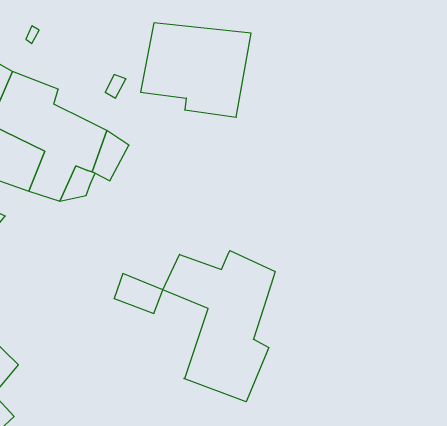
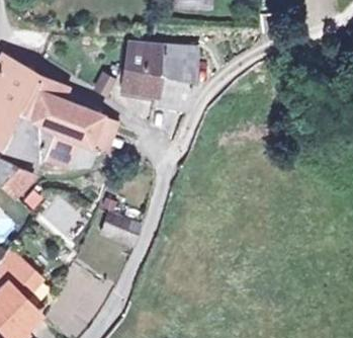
building: [163,251,275,402] -> none

